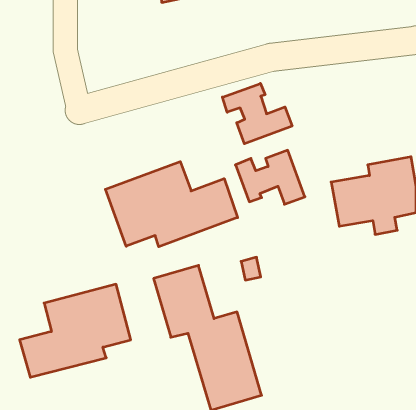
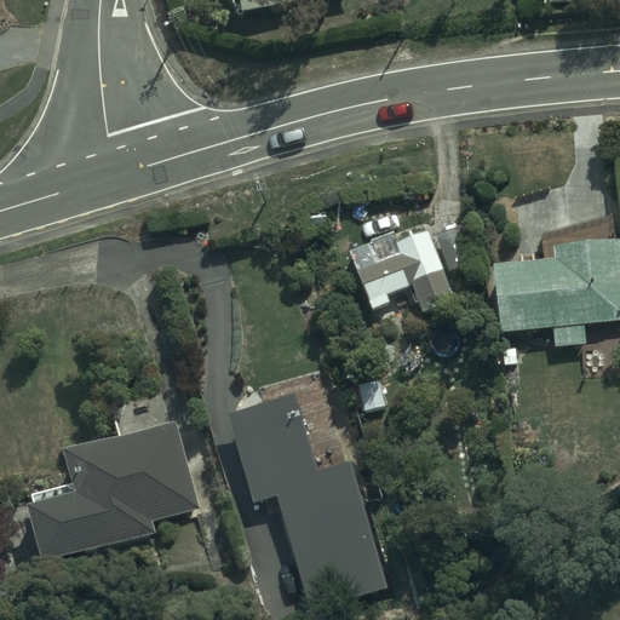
building: [222,83,292,144] -> none
building: [105,162,238,247] -> none

